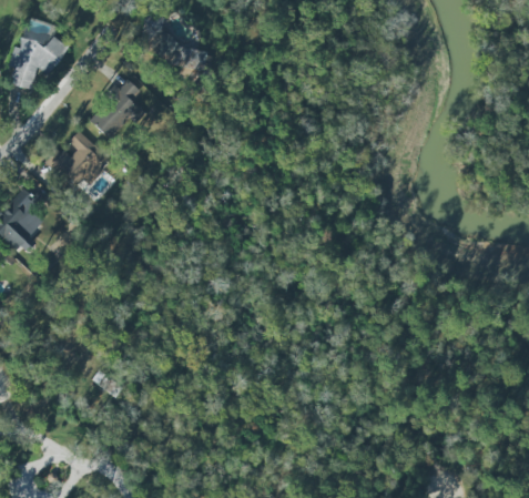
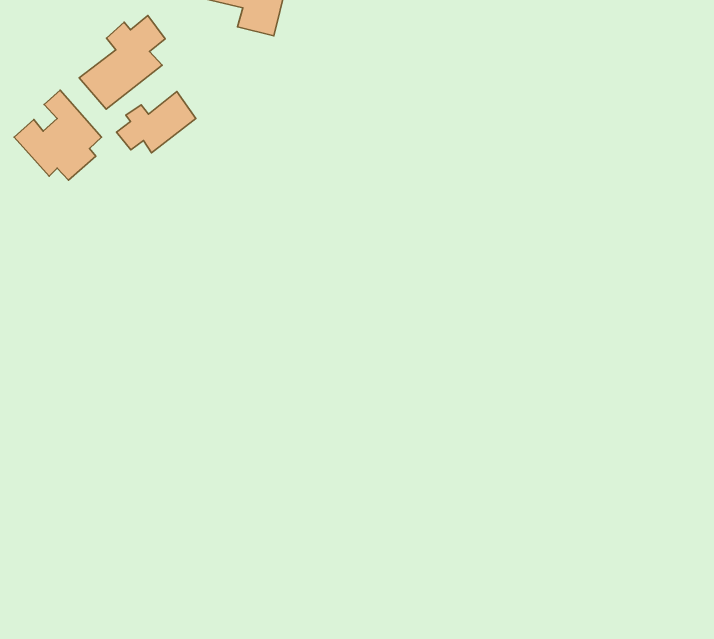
building: none -> [116,92,196,153]

